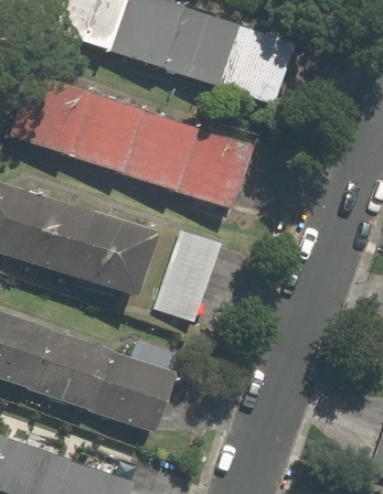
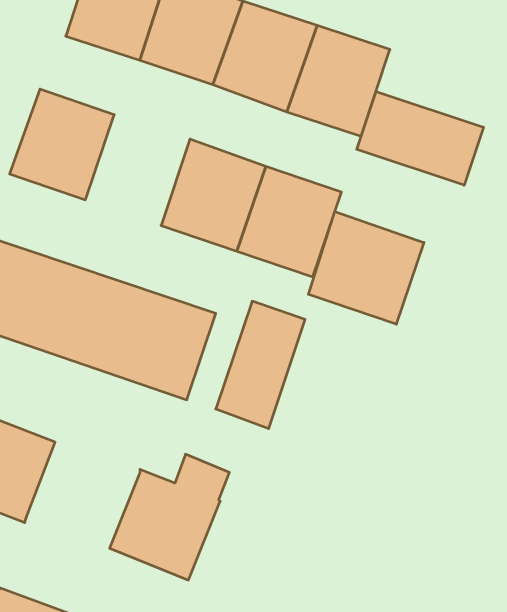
building: none -> [357,91,483,185]
building: [66,92,142,172] -> none
building: none -> [308,212,424,324]
building: [23,329,106,409] -> none

